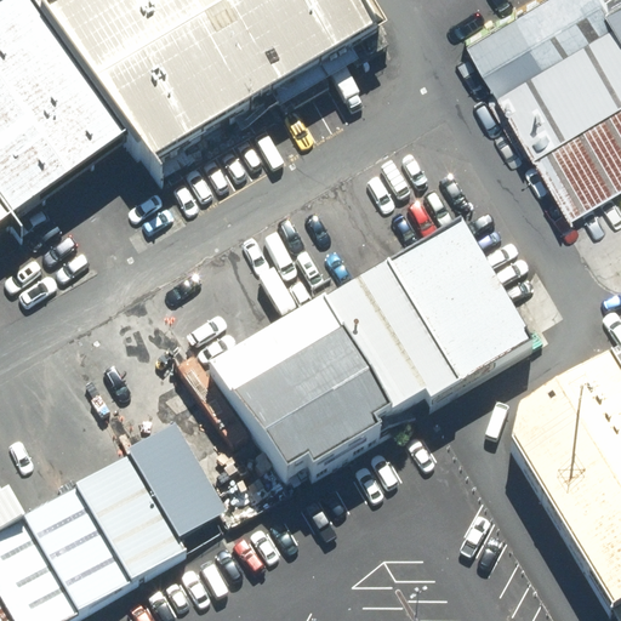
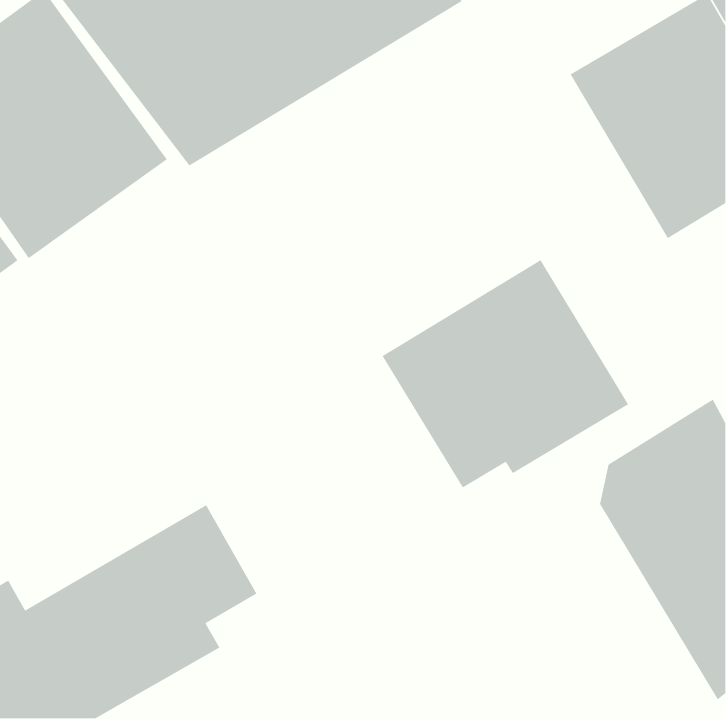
building: [207,303,397,486] -> none

